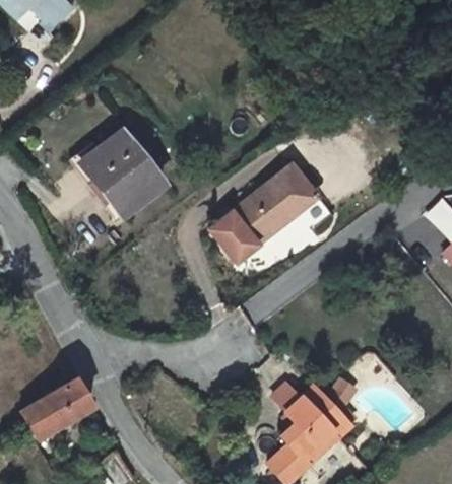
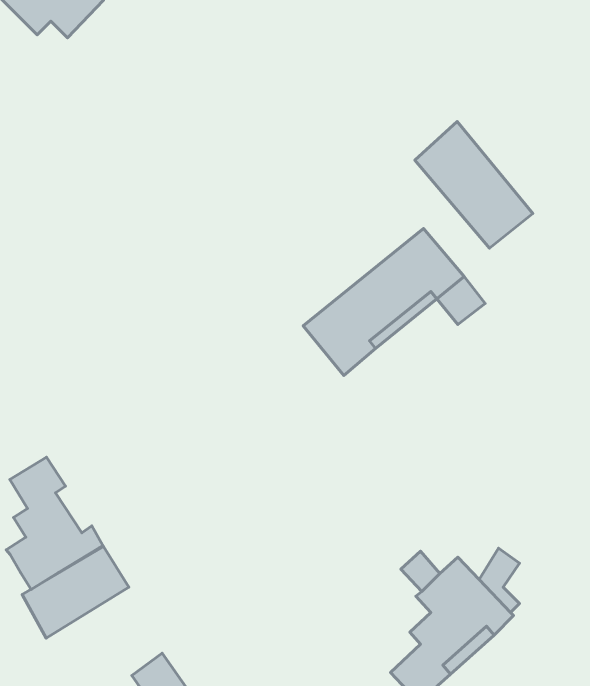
building: none -> [415,122,533,248]
building: [81,131,164,215] -> none
building: none -> [6,457,103,589]

